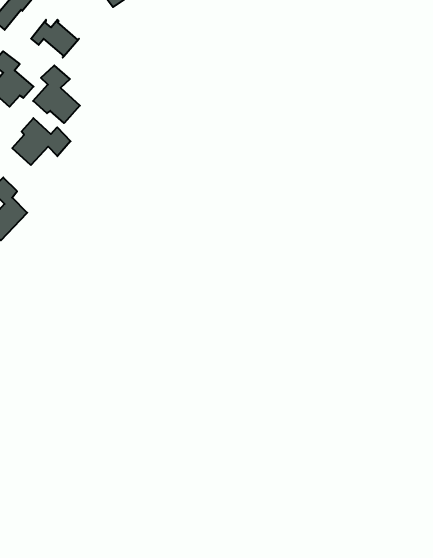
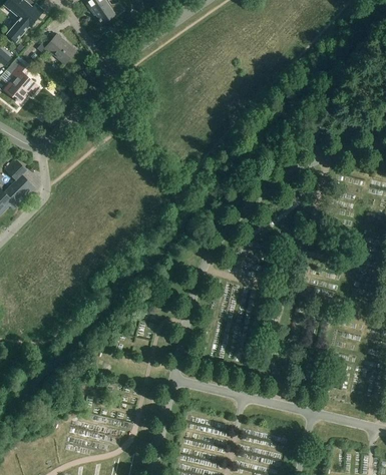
building: [33,65,80,123] -> none
building: [12,118,71,165] -> none

